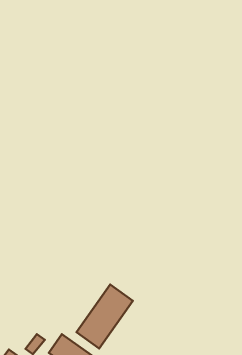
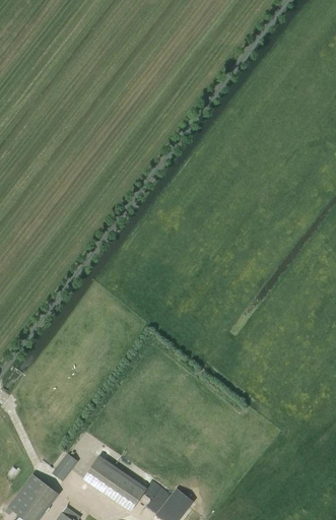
building: [77,285,133,348] -> none

